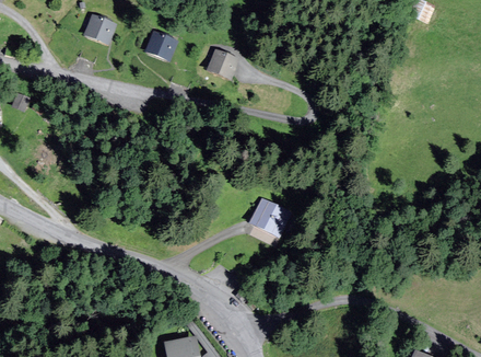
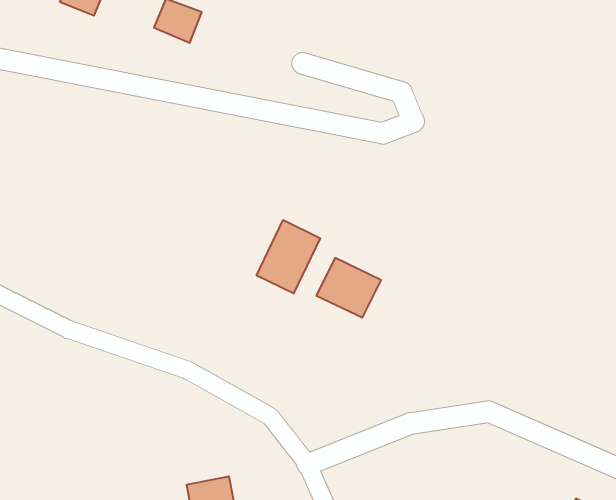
building: [207,50,236,78] -> none
building: none -> [257,220,320,294]

